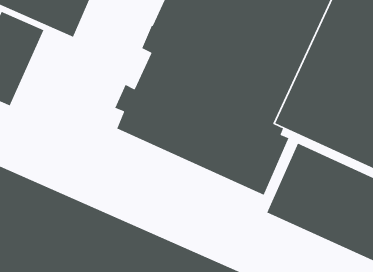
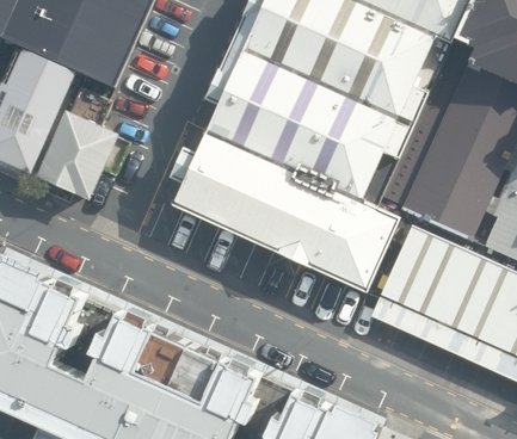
building: none -> [37,113,121,203]

